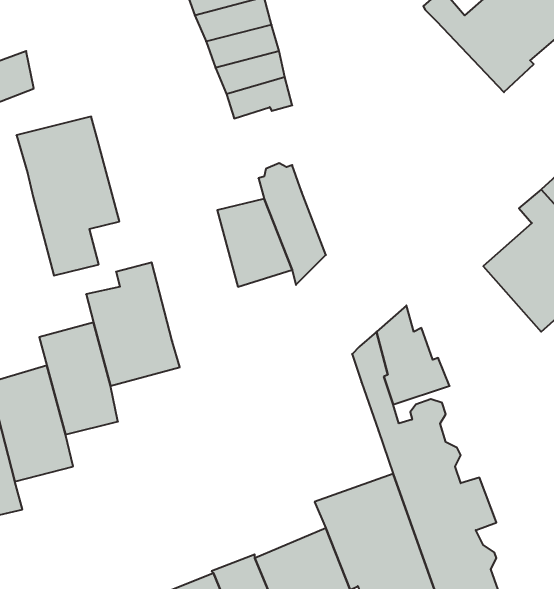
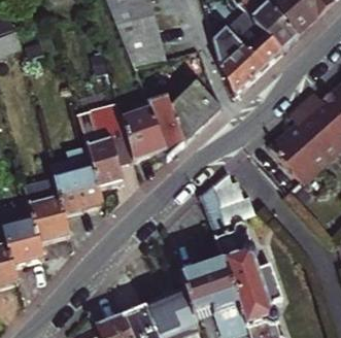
building: none -> [213,12,282,96]
building: [16,117,119,276] -> [79,101,136,189]
building: none -> [171,82,220,141]

